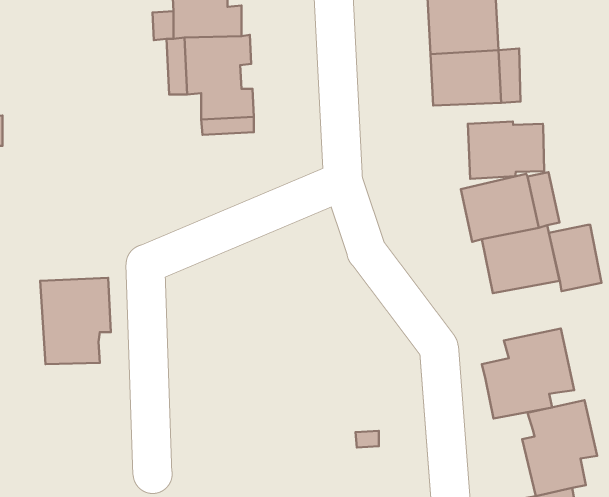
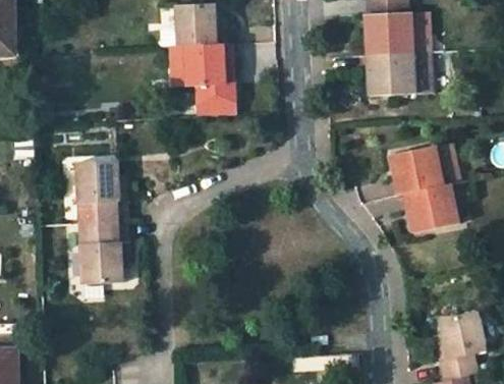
building: [468,121,544,179] -> none
building: none -> [75,160,128,223]
building: [549,225,601,291] -> none
building: [482,328,574,419] -> none

